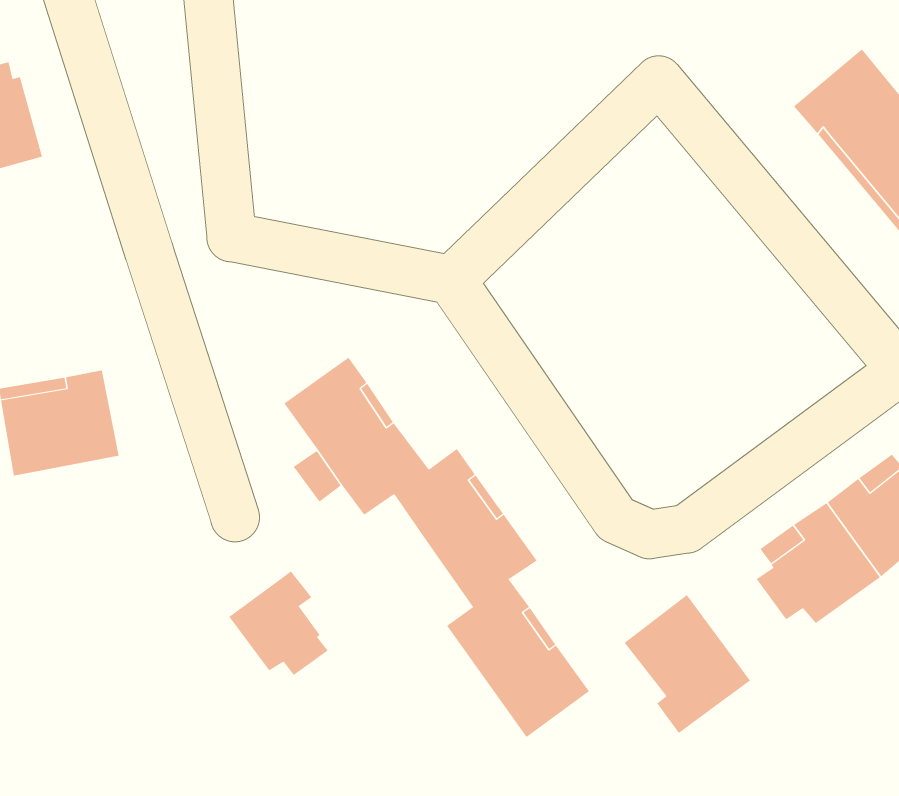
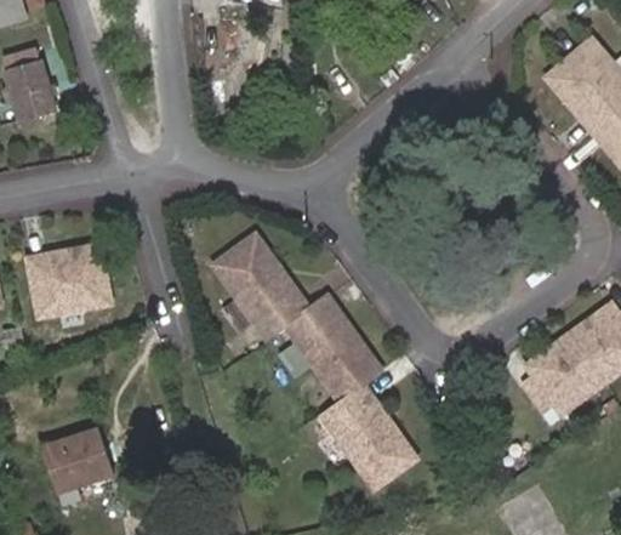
building: [228,571,328,676] -> none
building: [624,594,751,734] -> none
building: none -> [46,427,115,502]

